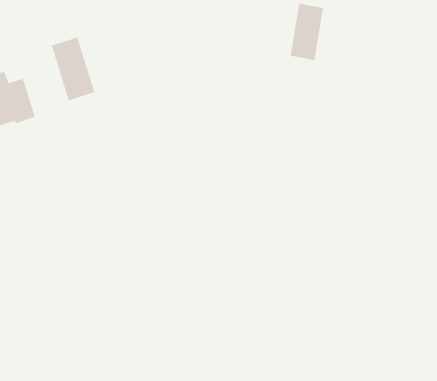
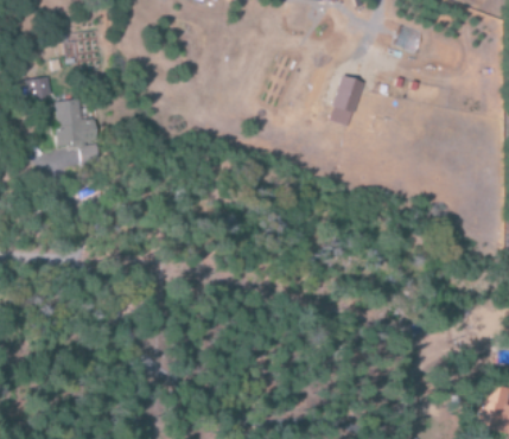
building: [51,36,95,101] -> none

